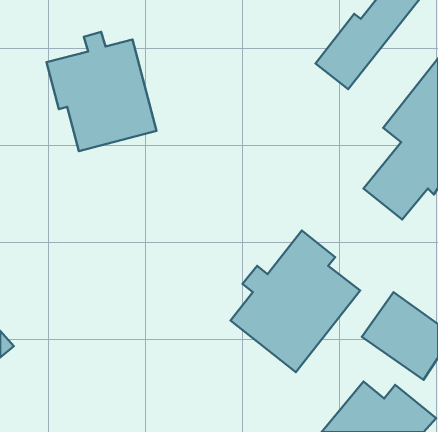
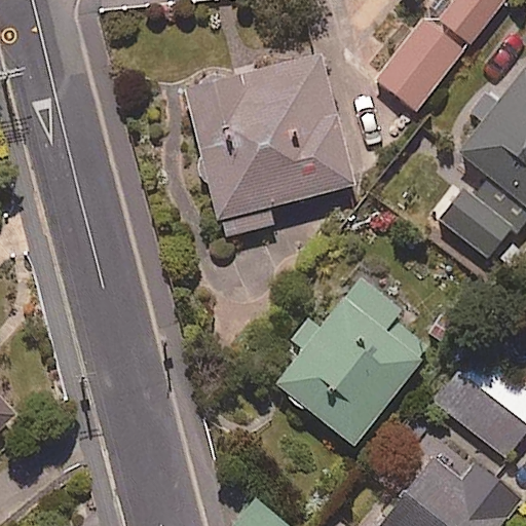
building: [46,32,156,151] -> none
building: none -> [181,53,354,237]

